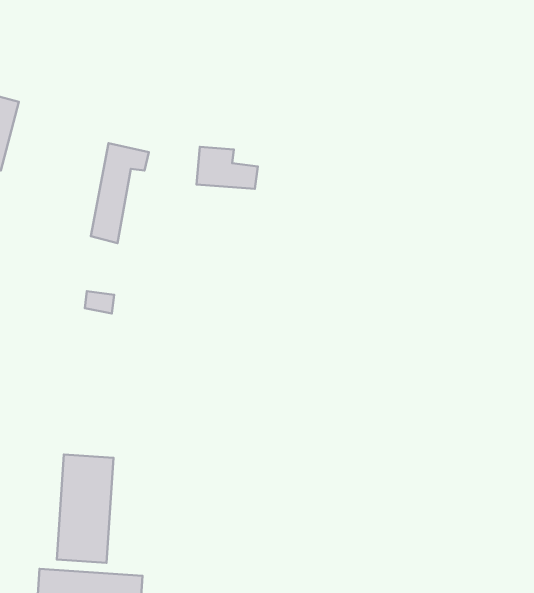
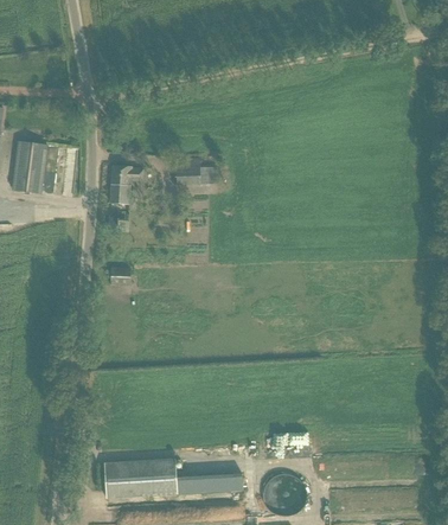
building: [57,455,113,563] -> none

